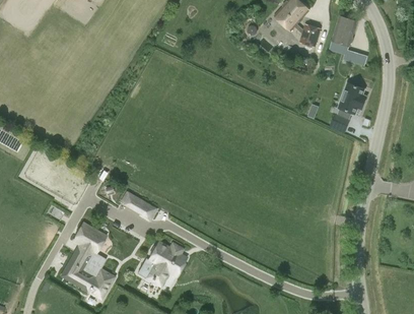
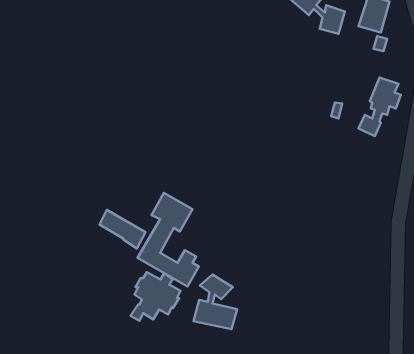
building: [61,222,111,298] -> [138,193,199,286]
building: none -> [194,275,237,329]

